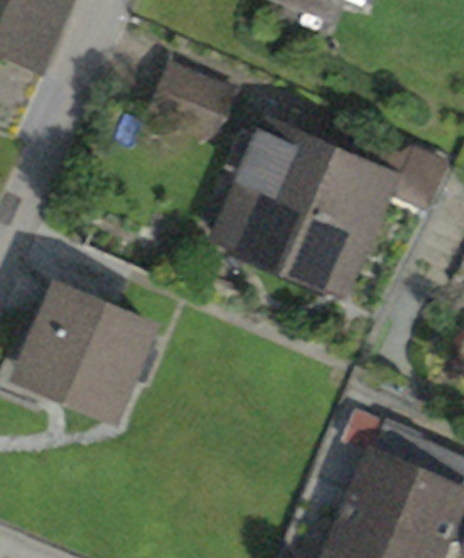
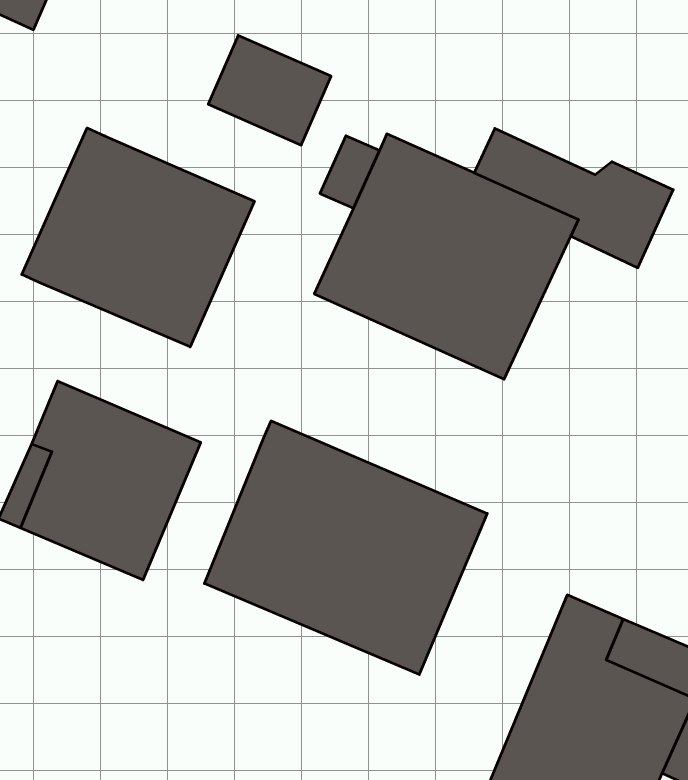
building: none -> [22,128,254,347]
building: none -> [204,421,487,675]

